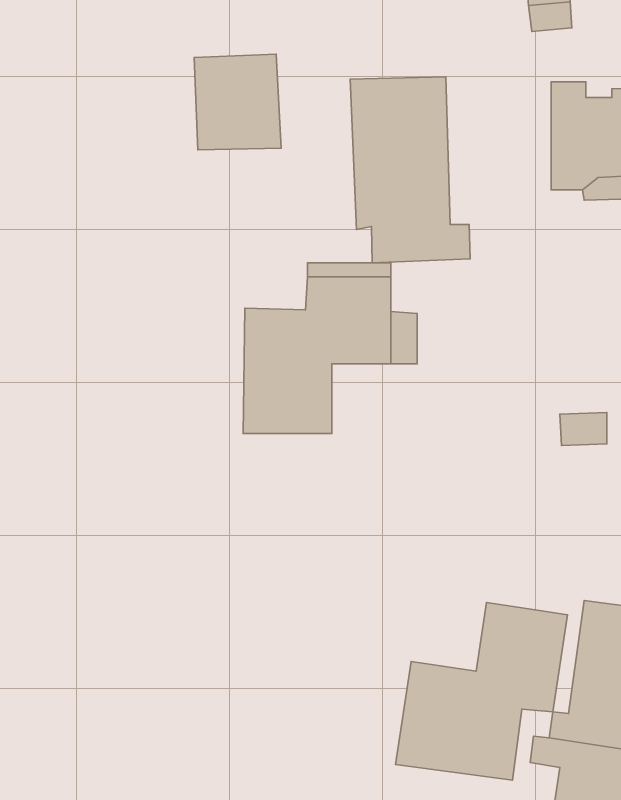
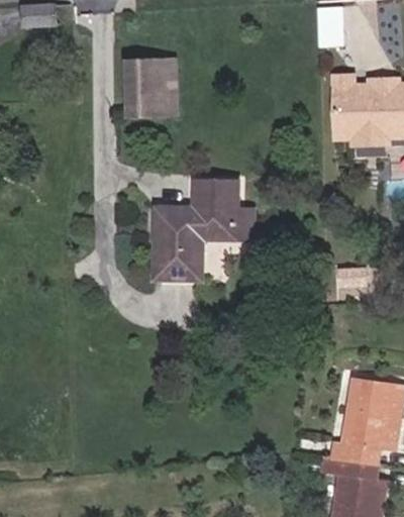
building: [350,77,470,263] -> none
building: [396,603,567,780] -> none

